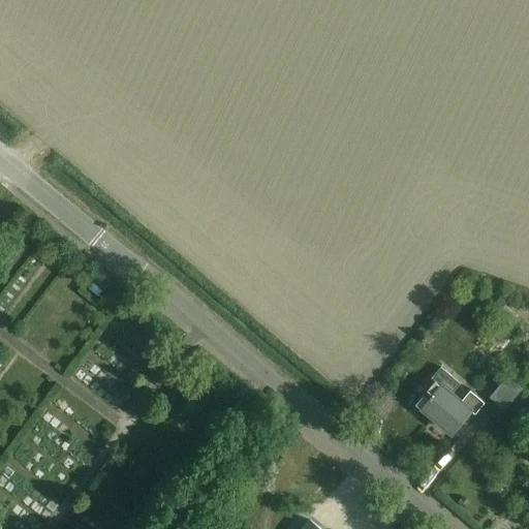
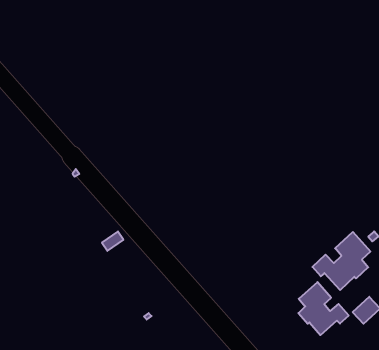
building: none -> [312,232,370,290]

